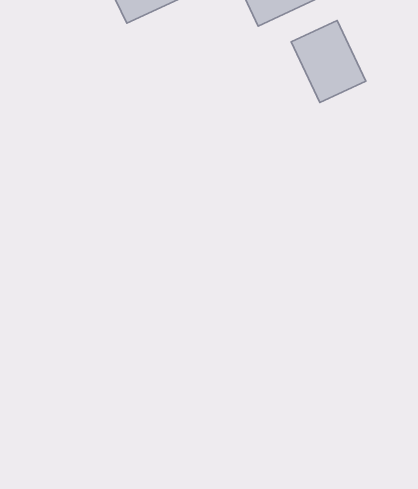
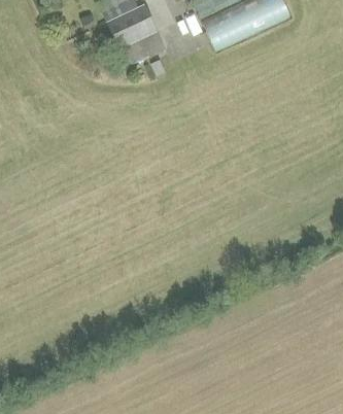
building: [291,21,366,102] -> none

